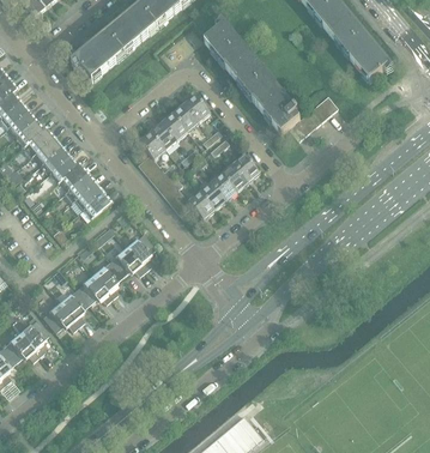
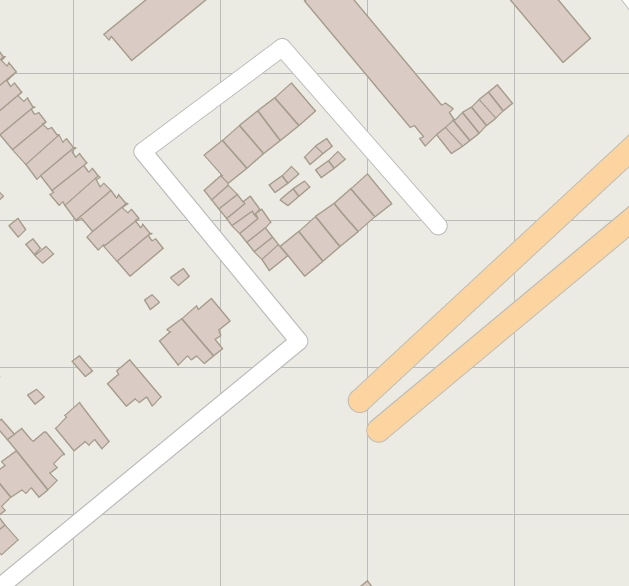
building: [90,258,121,294] -> none
building: [57,285,87,322] -> none

